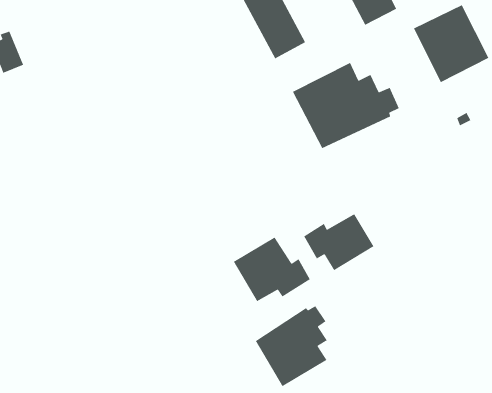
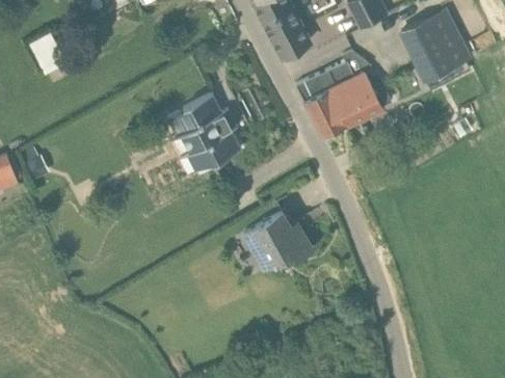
building: none -> [168,95,242,174]
building: [303,213,375,271] -> none
building: [255,305,328,387] -> none

